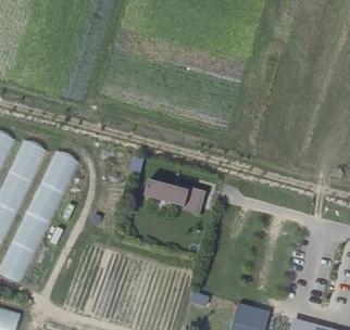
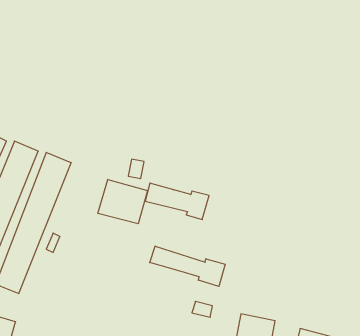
building: none -> [98,179,148,224]
building: none -> [150,246,225,286]

